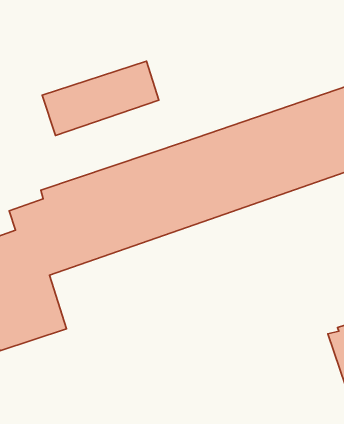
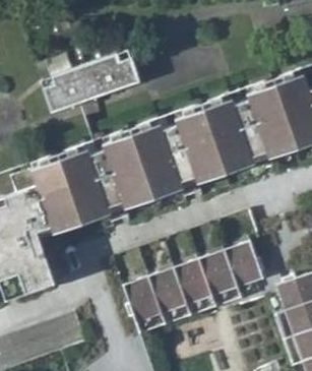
building: none -> [127,241,269,321]

